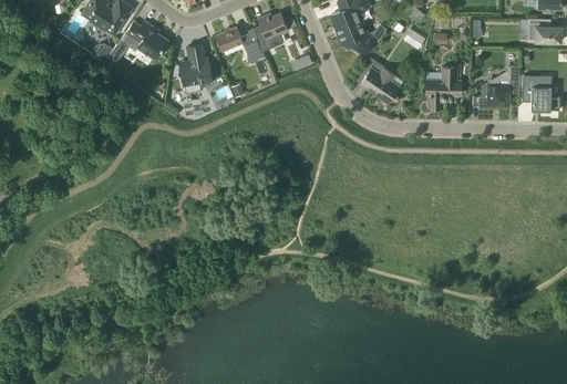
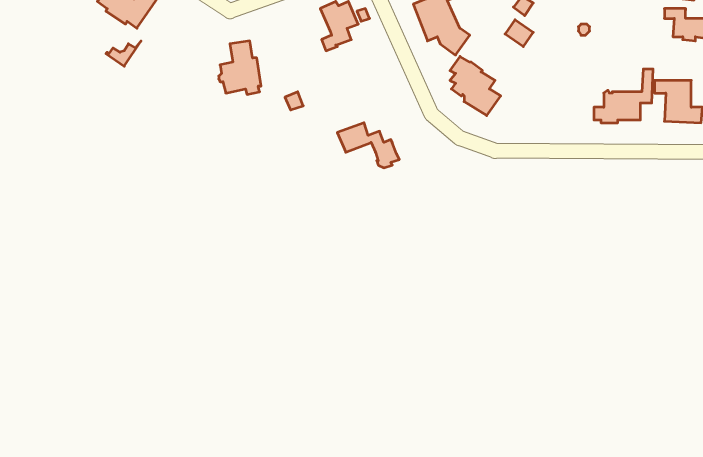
building: [120,21,166,59] -> none
building: [216,28,265,63] -> [337,123,399,168]
building: [426,66,461,107] -> none

